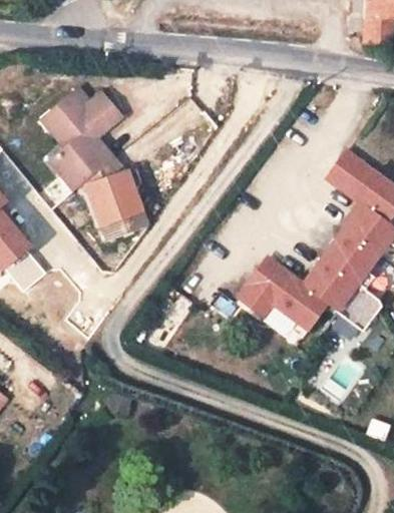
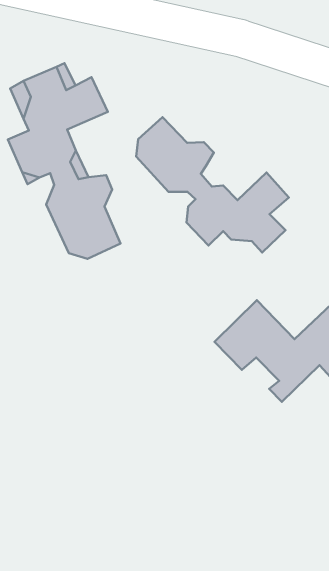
building: none -> [136,117,289,252]

